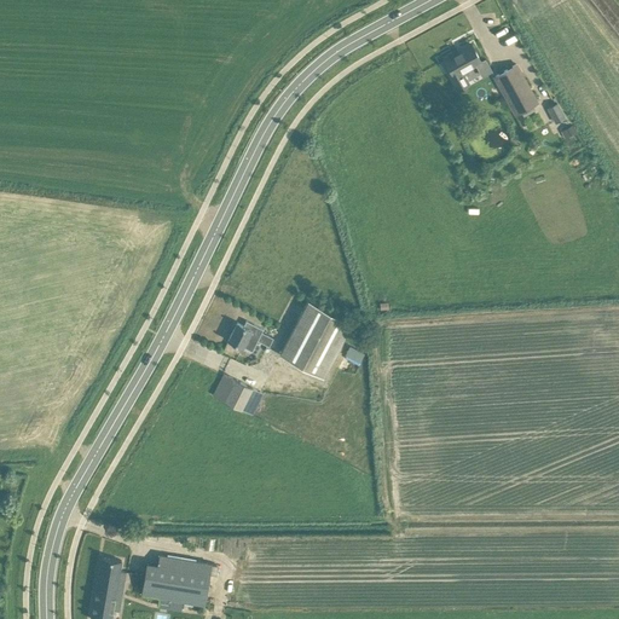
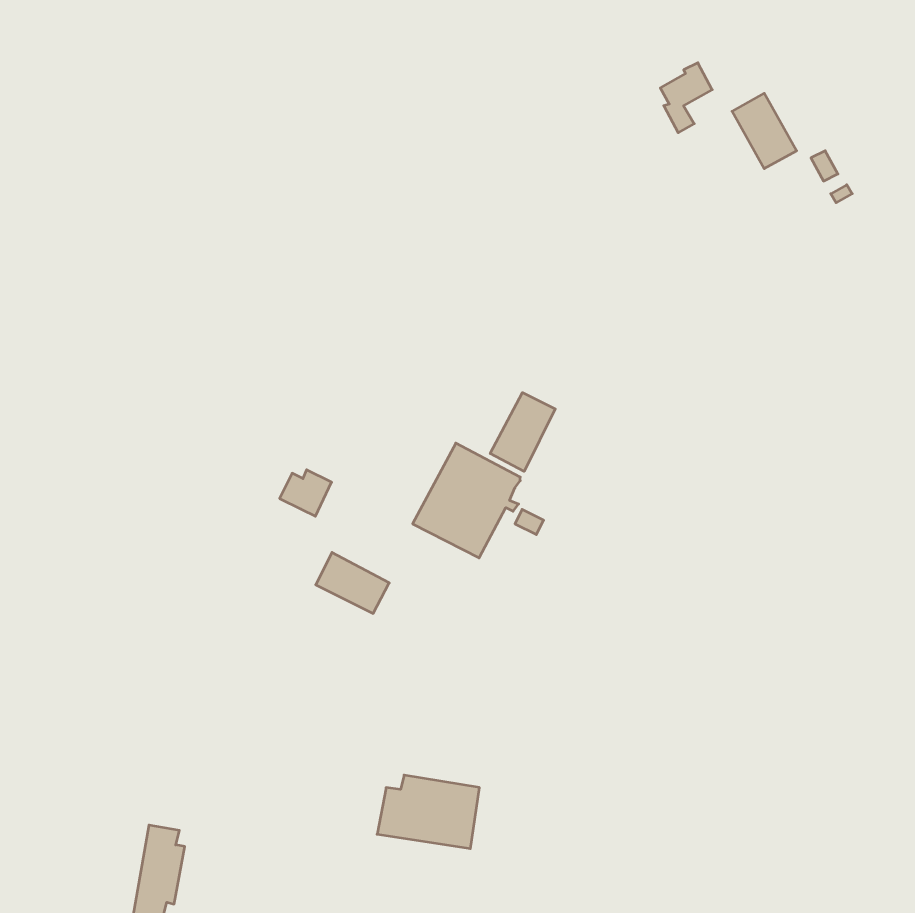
building: none -> [490,393,555,471]
building: [227,322,262,353] -> [280,470,332,516]
building: [140,556,209,606] -> [377,775,479,849]

